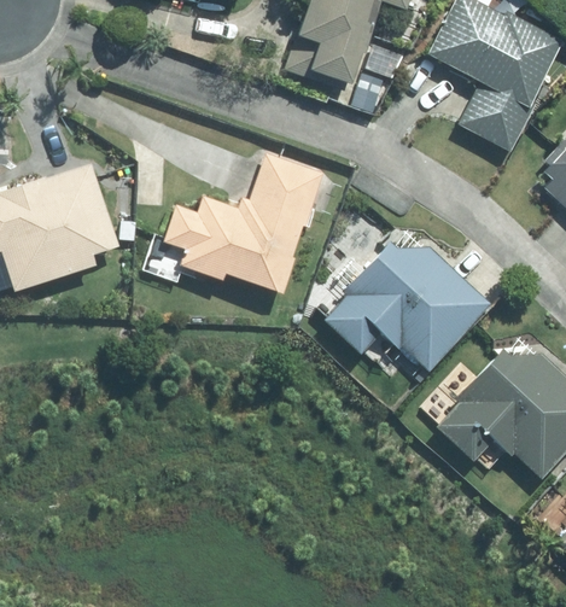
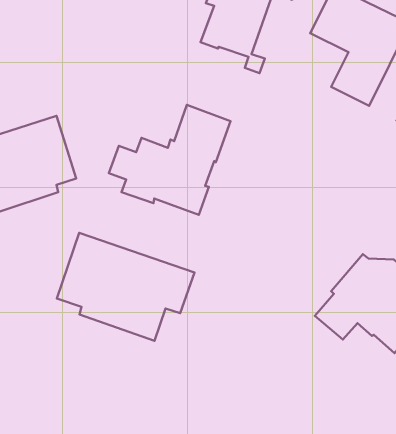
building: [323,246,490,370] -> none
building: none -> [57,233,194,341]

